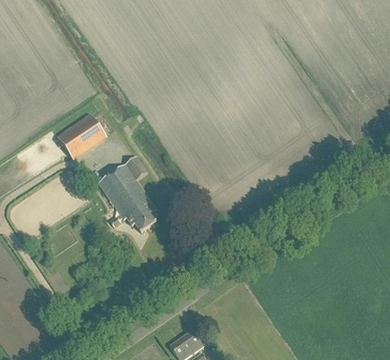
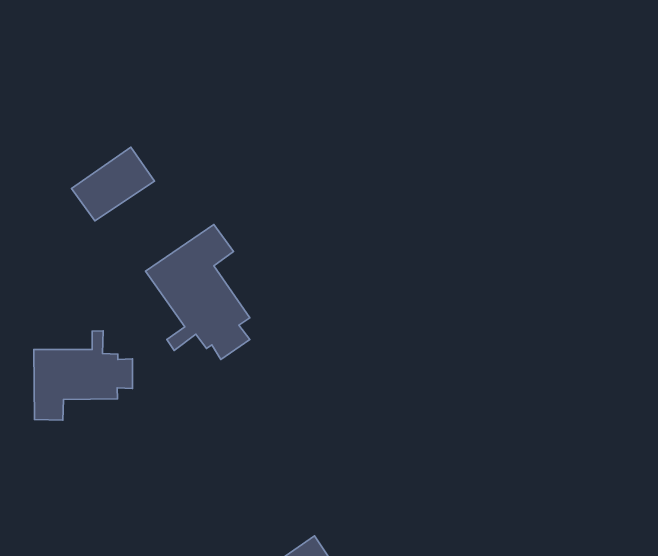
building: none -> [34,331,133,420]

